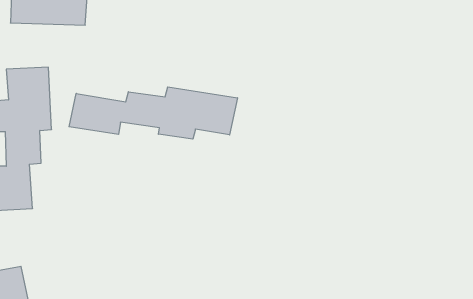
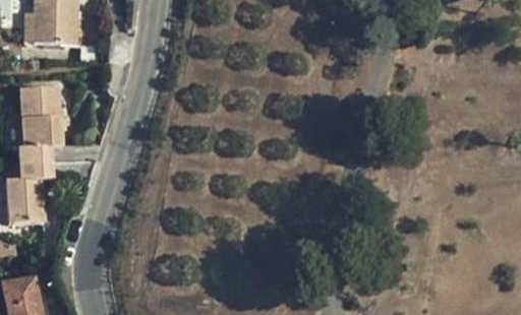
building: [69,87,237,139] -> none

